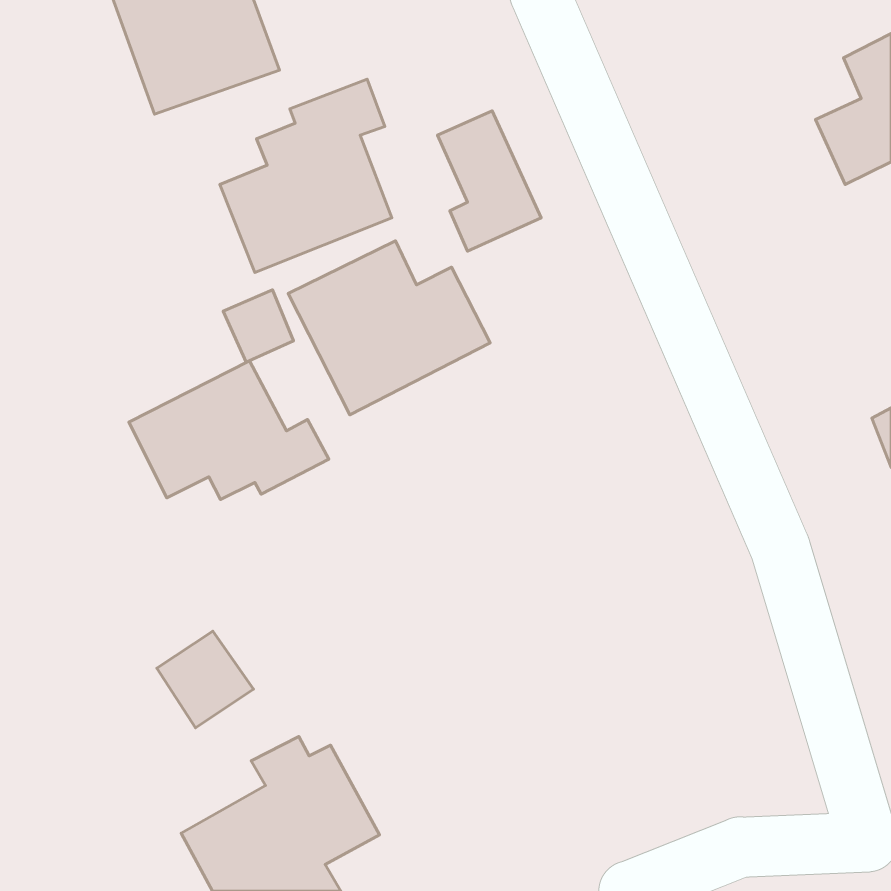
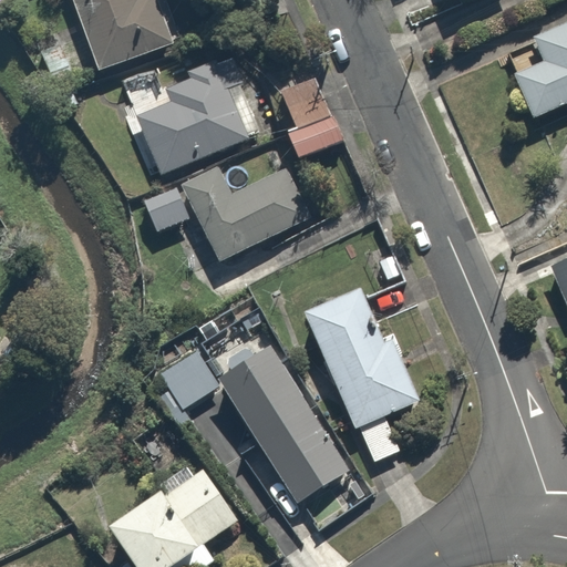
building: [129,361,329,500] -> none
building: none -> [305,271,420,461]
building: none -> [223,348,346,506]
building: [157,631,253,728] -> [157,348,218,409]

